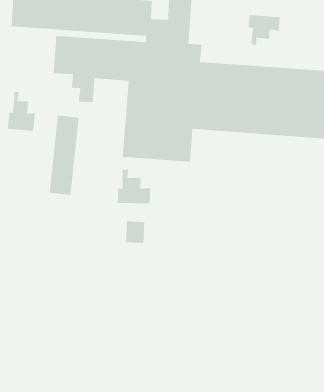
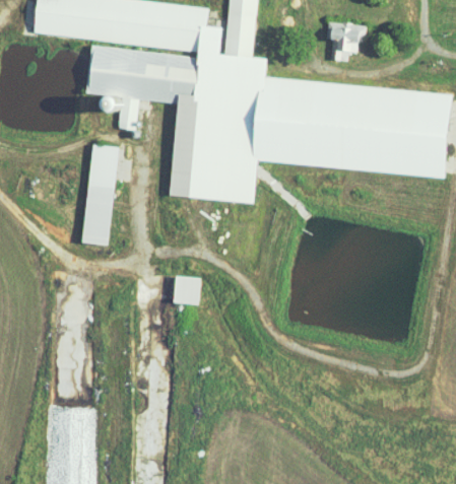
building: [7,91,36,132] -> none
building: [117,169,151,204] -> none

